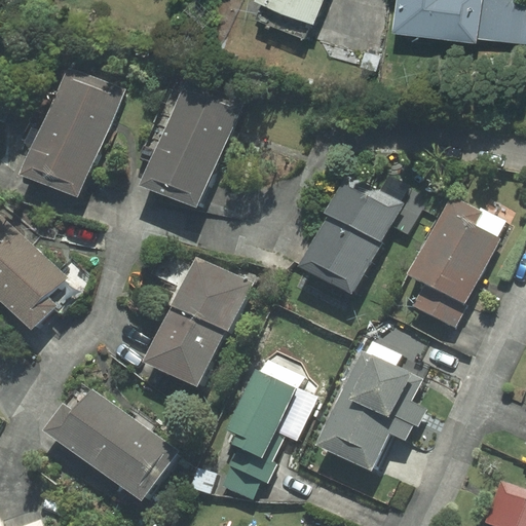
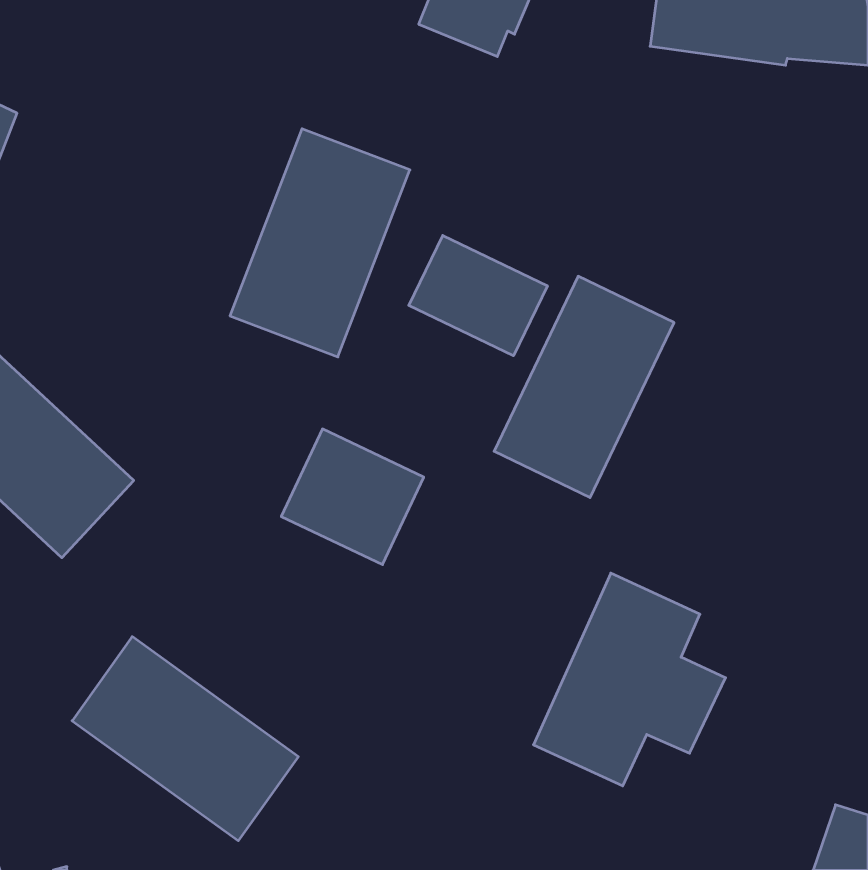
building: [17,62,123,203] -> none
building: none -> [409,235,547,356]
building: [410,197,508,332] -> none
building: [139,314,223,393] -> none
building: [220,364,302,498] -> none

